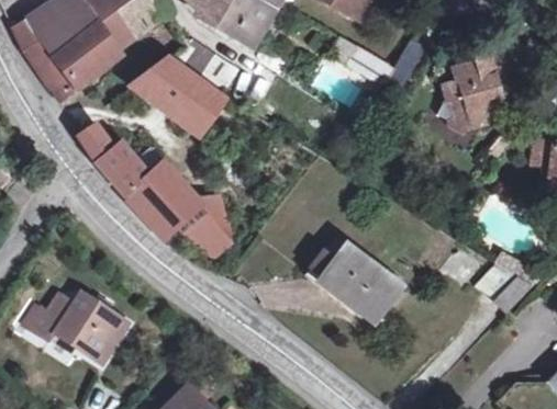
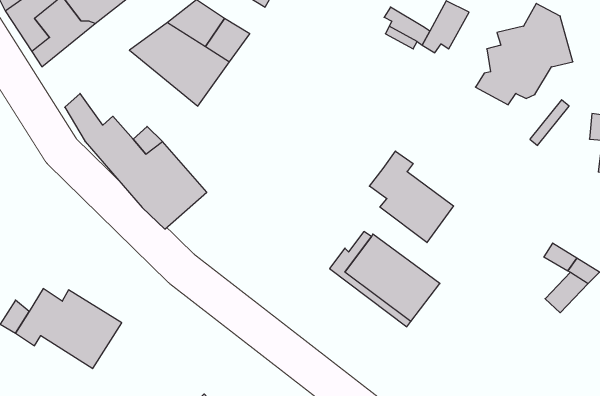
building: none -> [369,151,454,243]
building: [180,204,230,257] -> none

